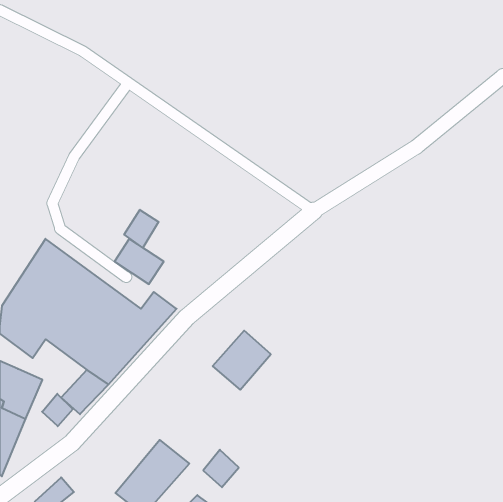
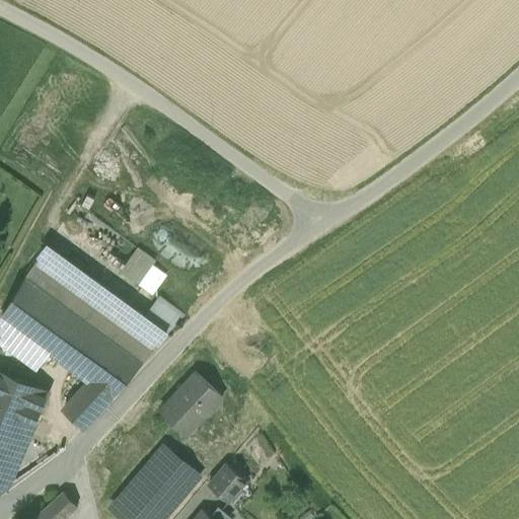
building: [124,210,159,248] -> none
building: [213,331,271,390] -> [163,373,223,434]
building: [42,394,73,426] -> none

